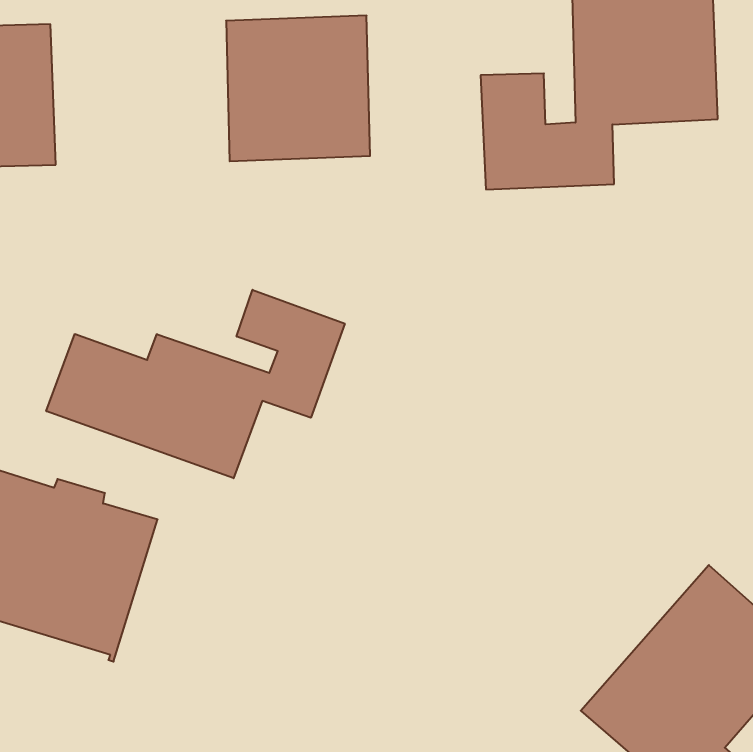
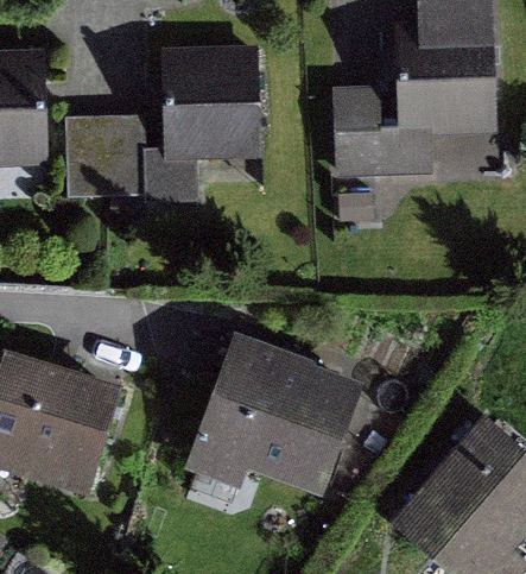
building: none -> [65,118,144,197]
building: [46,290,345,478] -> none
building: none -> [202,343,351,485]

